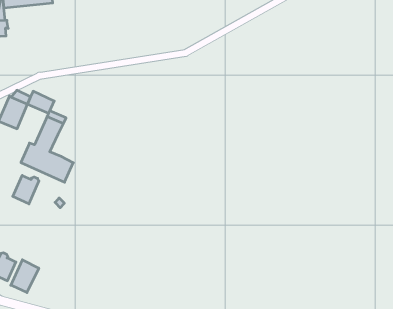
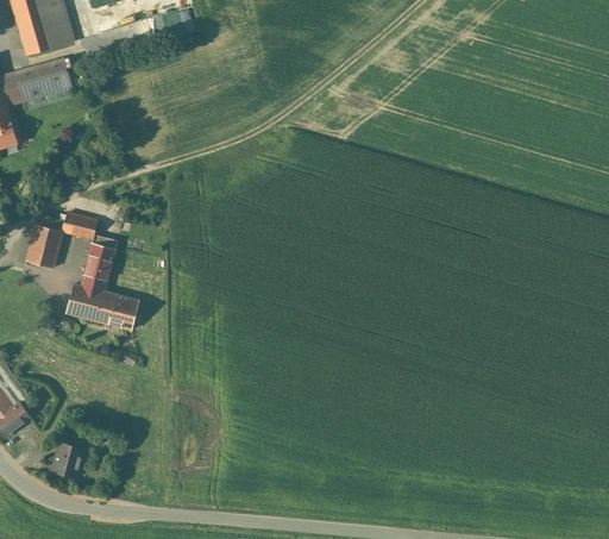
building: [13,175,39,204] -> none
building: [11,260,39,293] -> none

